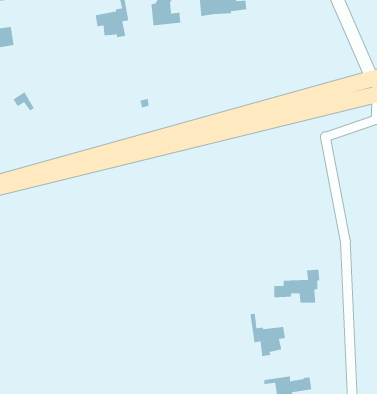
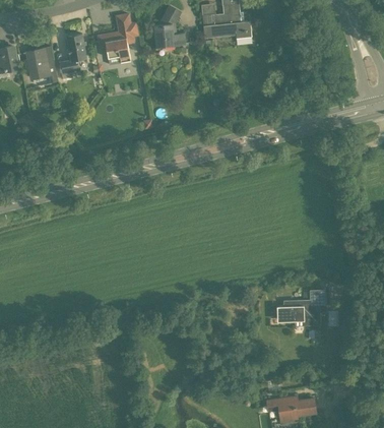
building: none -> [58,34,85,80]
building: none -> [24,49,56,81]
building: [249,313,286,357] -> none

